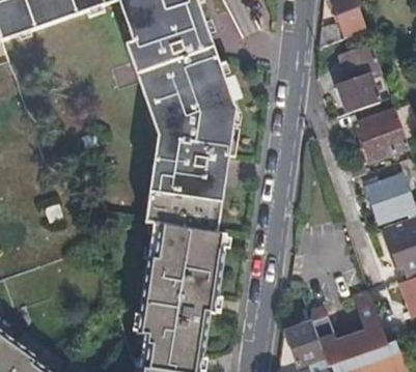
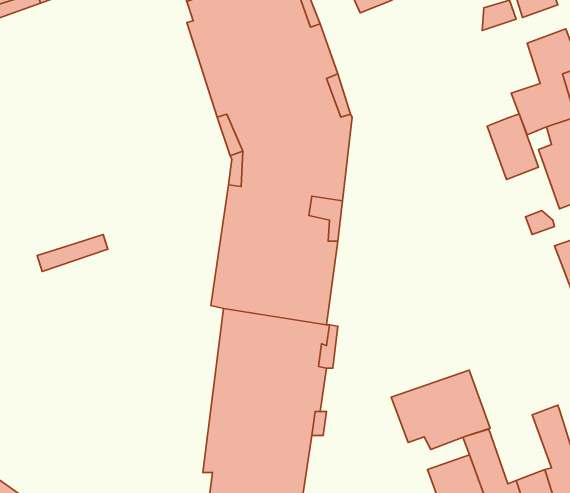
building: none -> [487,114,538,180]
building: none -> [391,370,490,450]

